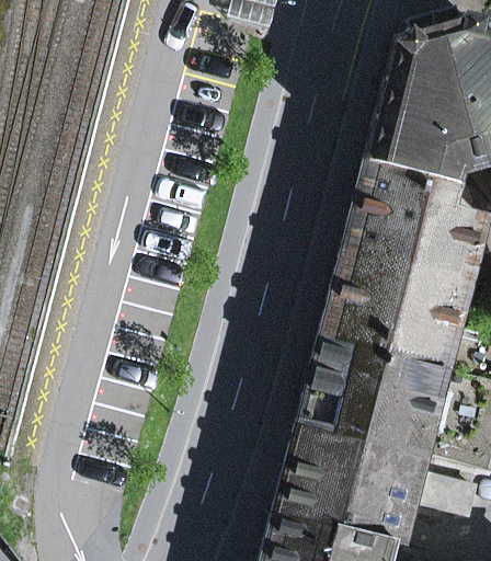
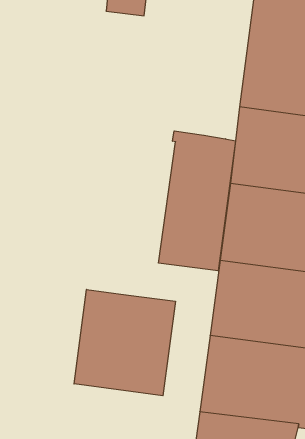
building: none -> [159,131,236,271]
building: none -> [74,289,175,396]

